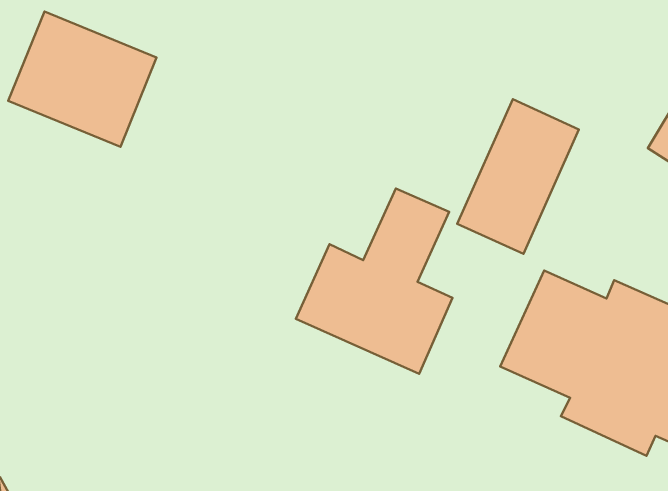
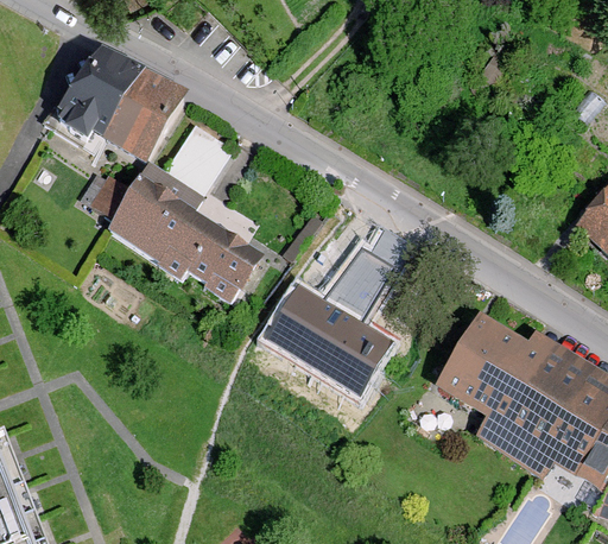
building: none -> [104,126,261,301]
building: [457,99,579,254] -> none

